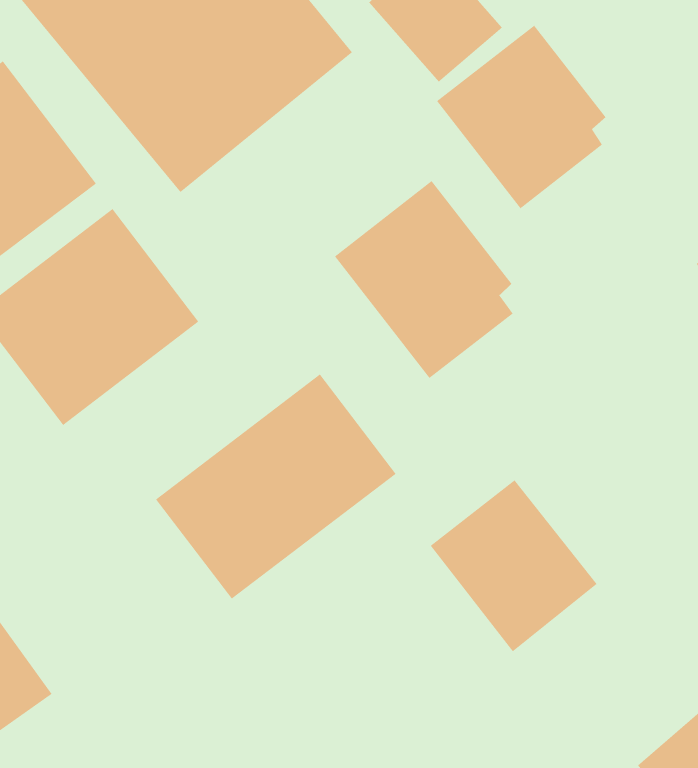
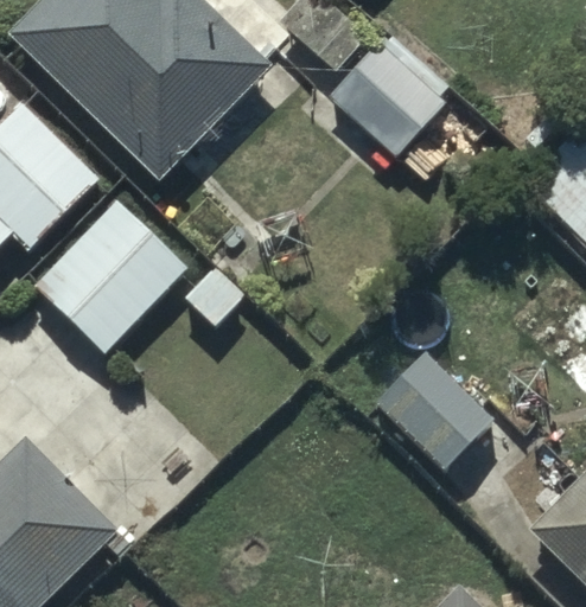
building: [334,180,513,379] -> none
building: [155,374,396,600] -> none

